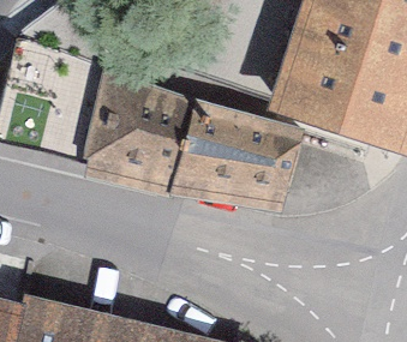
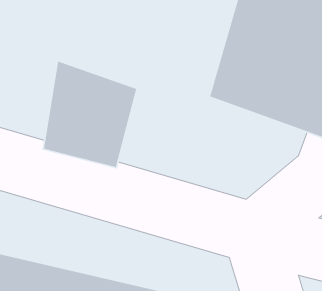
building: [167,104,301,212] -> none

